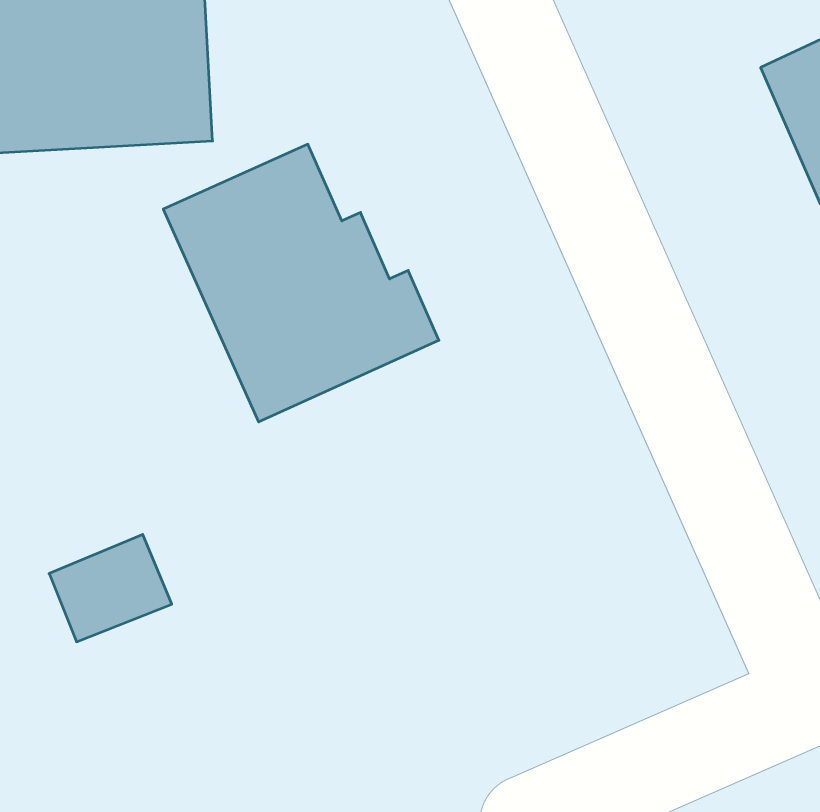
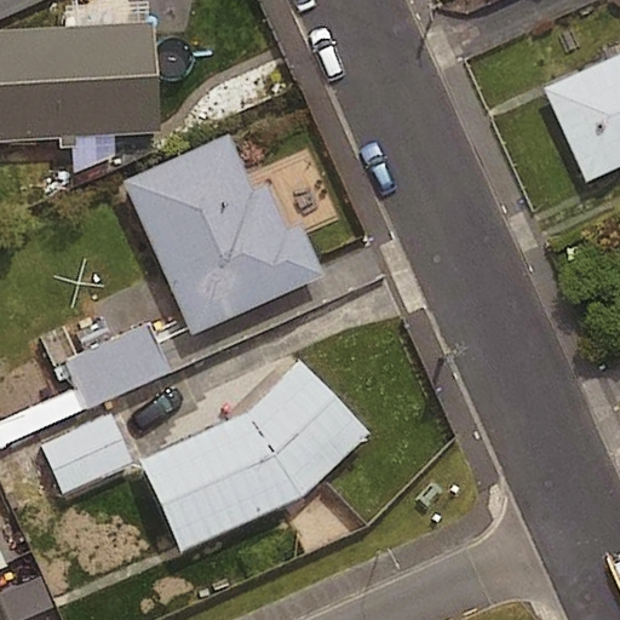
building: none -> [67,309,199,403]
building: none -> [139,364,366,551]

